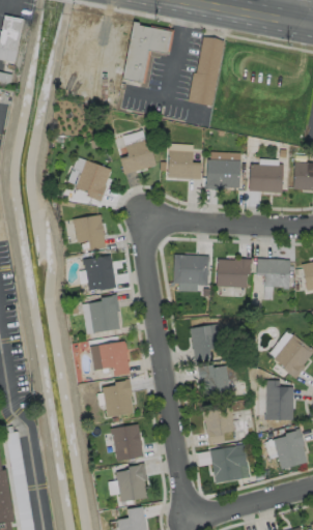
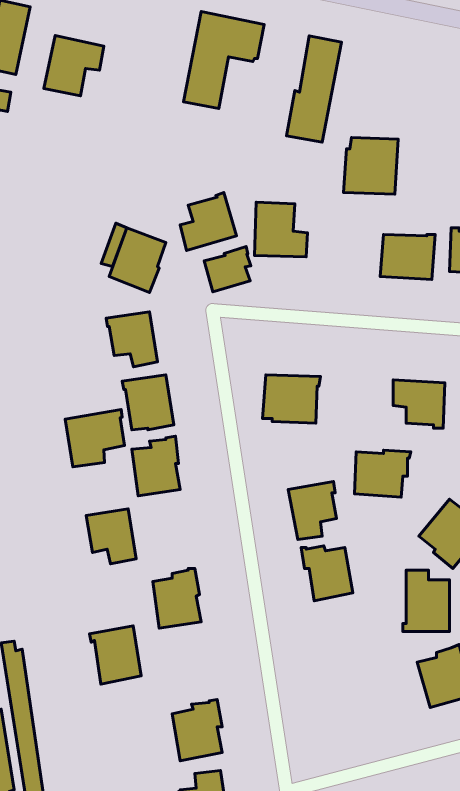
building: none -> [44,36,104,96]
building: [206,153,241,189] -> [343,138,398,194]
building: none -> [204,247,251,292]
building: [217,259,253,289] -> [354,450,411,497]
building: none -> [65,410,124,467]
building: [98,342,131,377] -> [86,509,136,564]
building: [203,407,234,446] -> none
building: [110,424,143,462] -> [90,626,141,684]
building: [209,445,250,483] -> none

